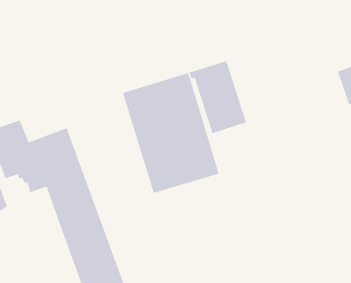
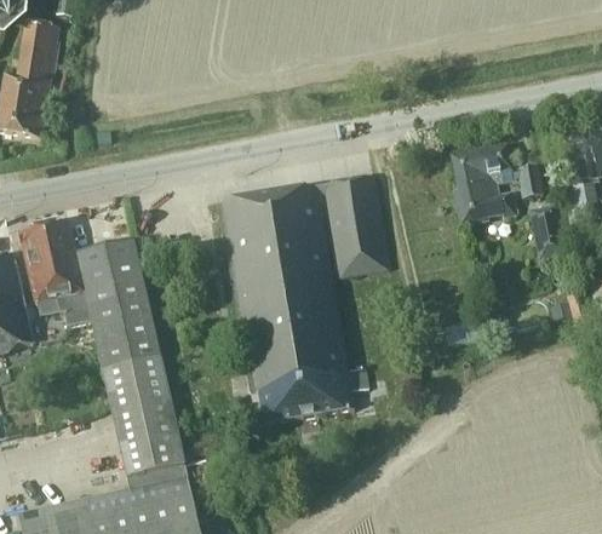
building: none -> [452,144,544,225]
building: none -> [245,335,369,424]

